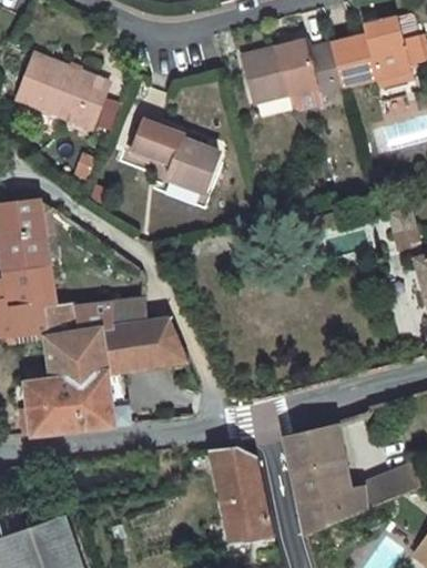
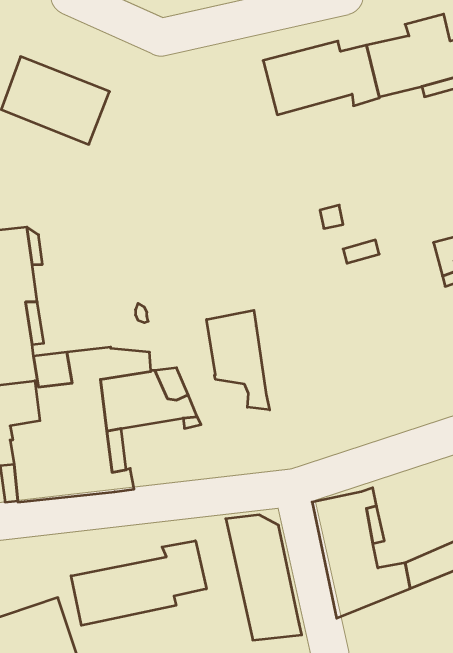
building: [130,116,218,192] -> none
building: none -> [207,310,270,410]
building: none -> [71,541,206,625]

